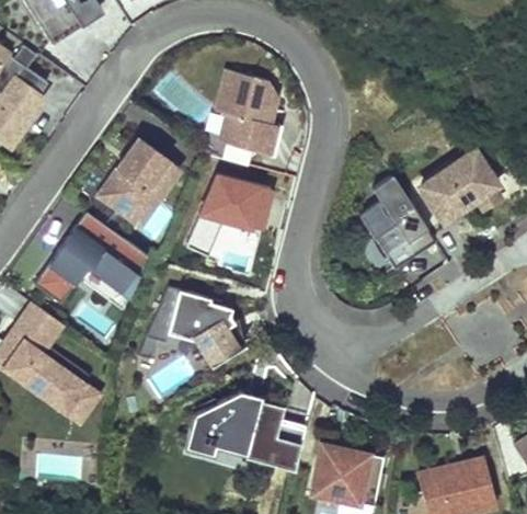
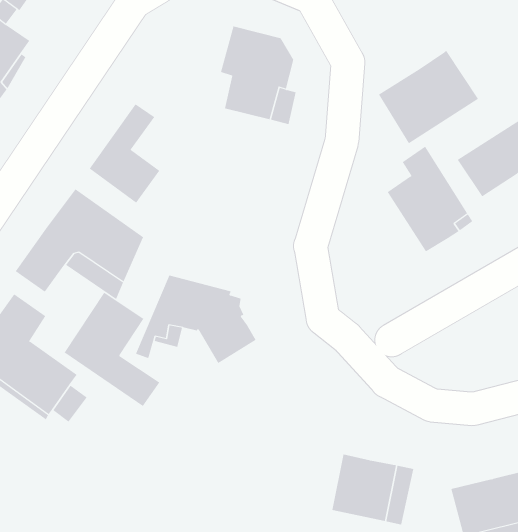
building: none -> [378,50,479,144]
building: [136,149,182,196] -> none
building: [202,175,265,259] -> none
building: none -> [64,292,160,407]
building: [185,389,307,468] -> none

